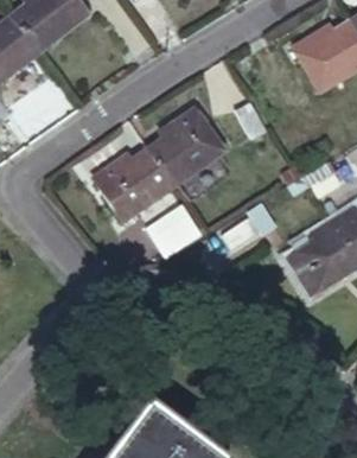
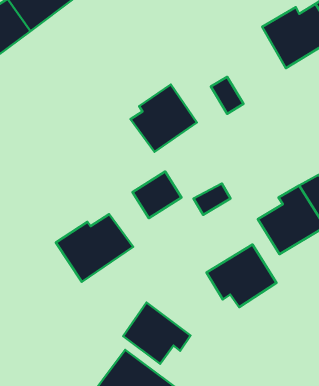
building: [91,147,176,221] -> [56,214,133,282]
building: none -> [207,245,276,307]
building: none -> [123,303,191,364]

